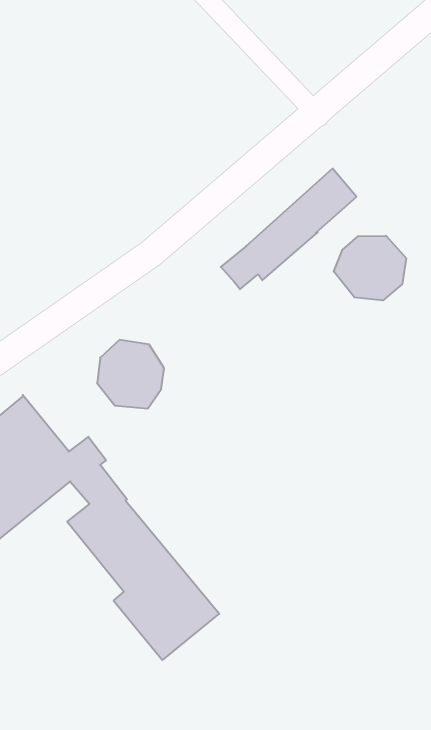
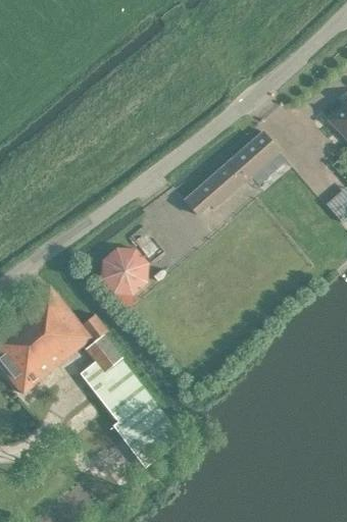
building: [334,236,406,300] -> none

